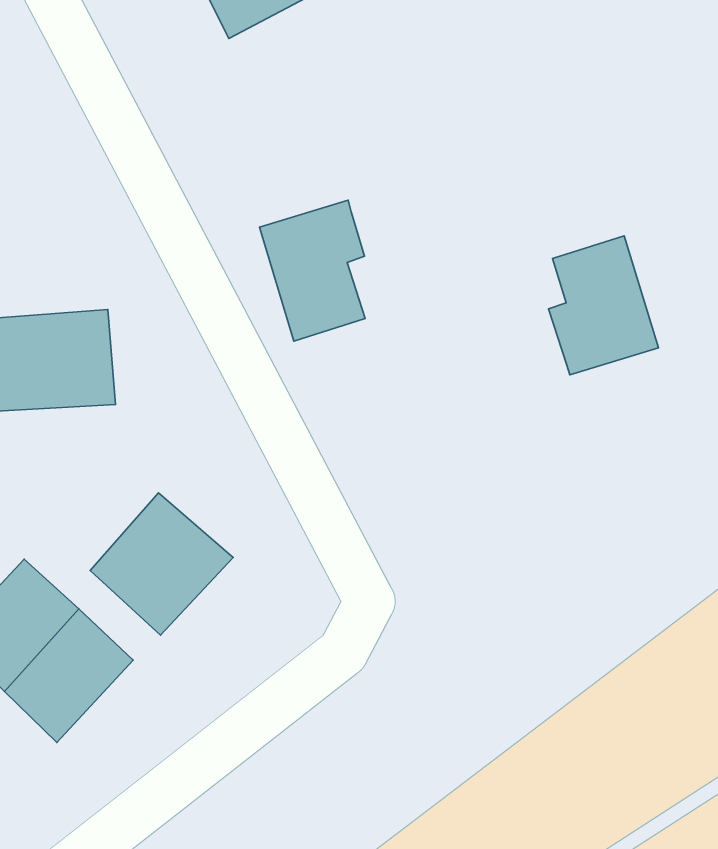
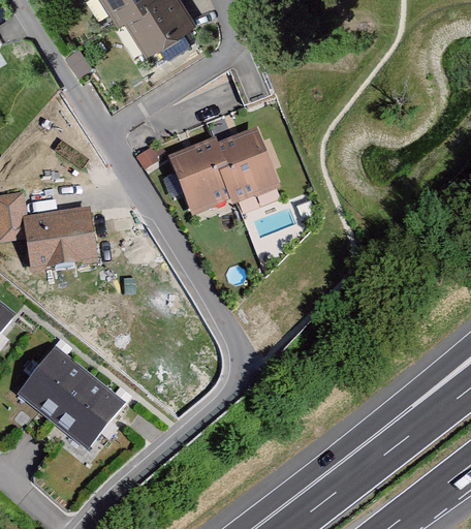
building: [549,236,659,375] -> [218,127,280,206]
building: [90,493,233,635] -> none

